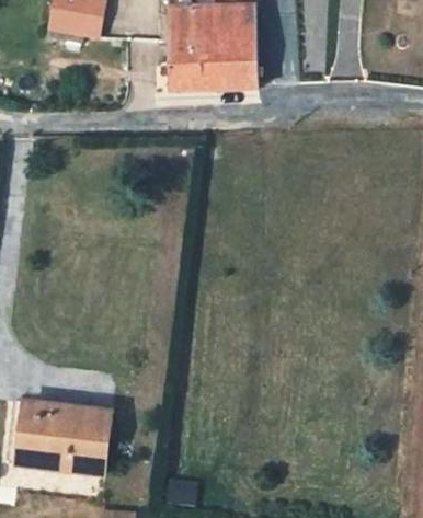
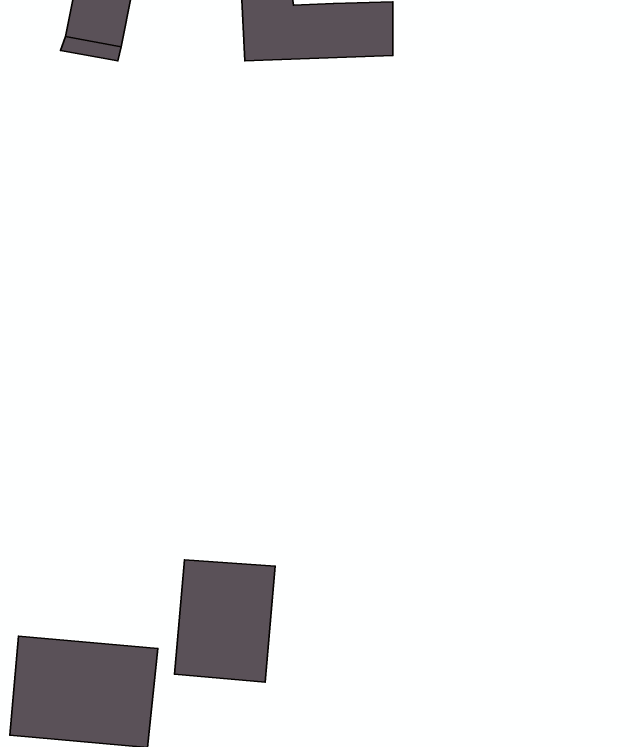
building: [164,35,259,88] -> none
building: none -> [175,560,275,682]

